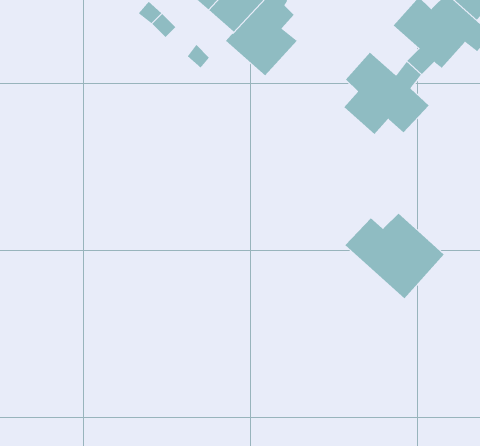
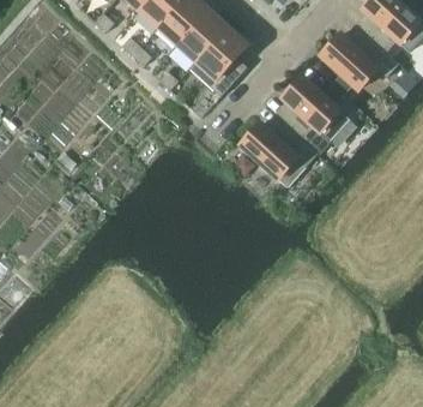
building: [345,213,444,299] -> [238,119,316,186]

